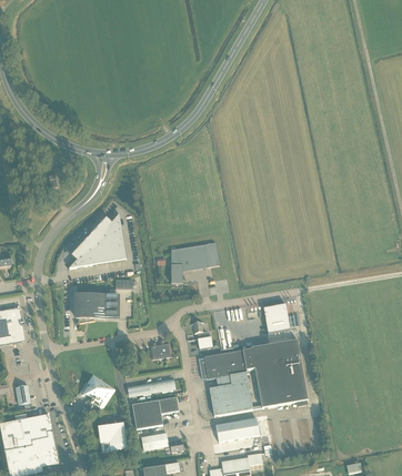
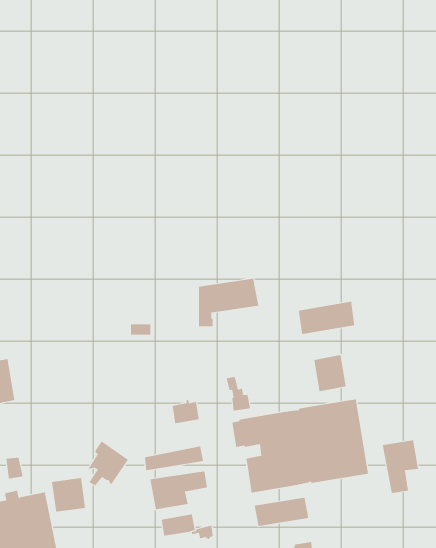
building: [68,212,125,267] -> none
building: none -> [298,301,355,335]
building: [77,294,117,322] -> none
building: none -> [382,440,419,494]
building: [98,423,125,450] -> [51,478,86,512]

